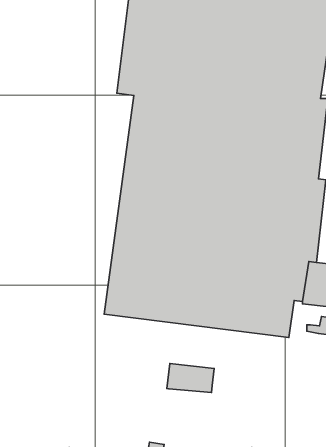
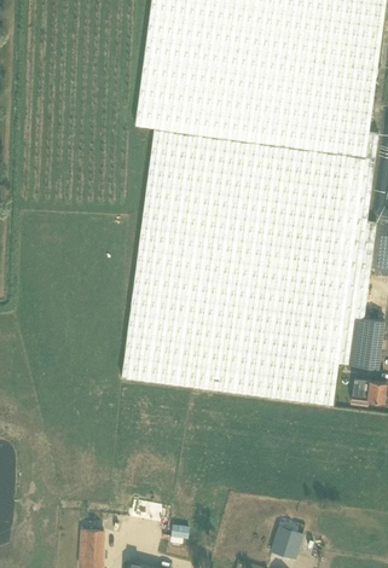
building: [167,363,214,393] -> none

